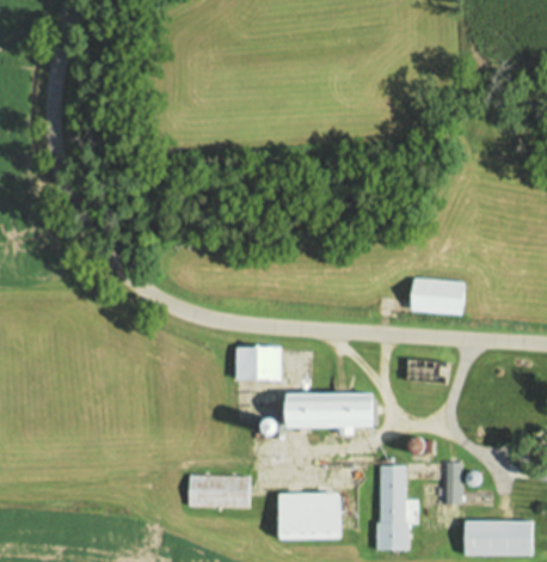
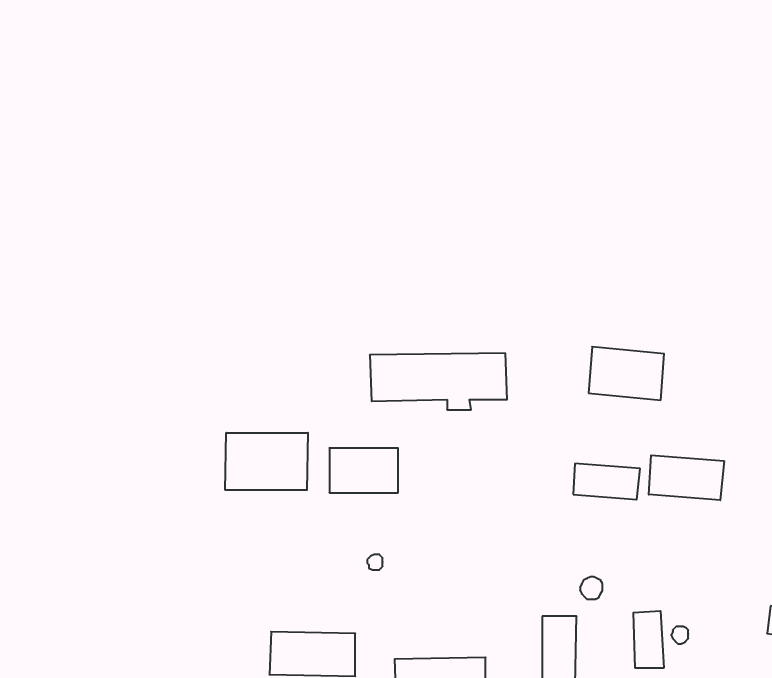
building: none -> [225,433,308,490]
building: none -> [649,455,724,500]
building: [282,395,377,434] -> [370,353,507,410]

